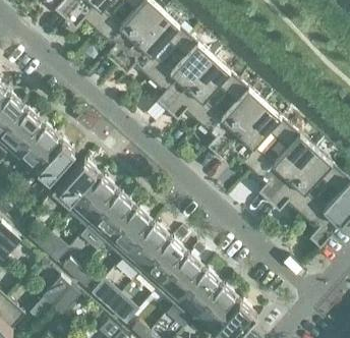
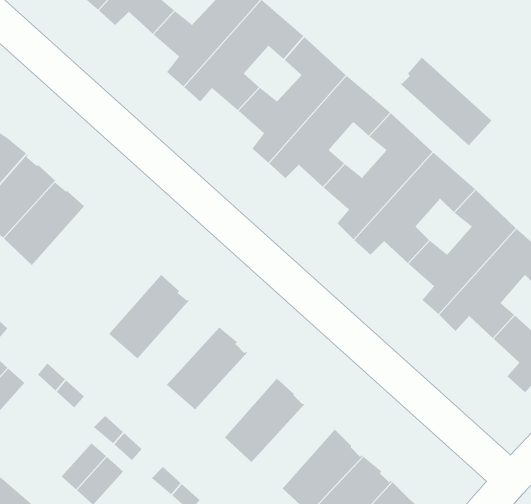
building: none -> [399,57,492,146]
building: [25,135,75,187] -> none
building: [53,160,103,212] -> none
building: [89,191,137,242] -> none
building: [123,223,172,274] -> none
building: [157,253,207,304] -> none

